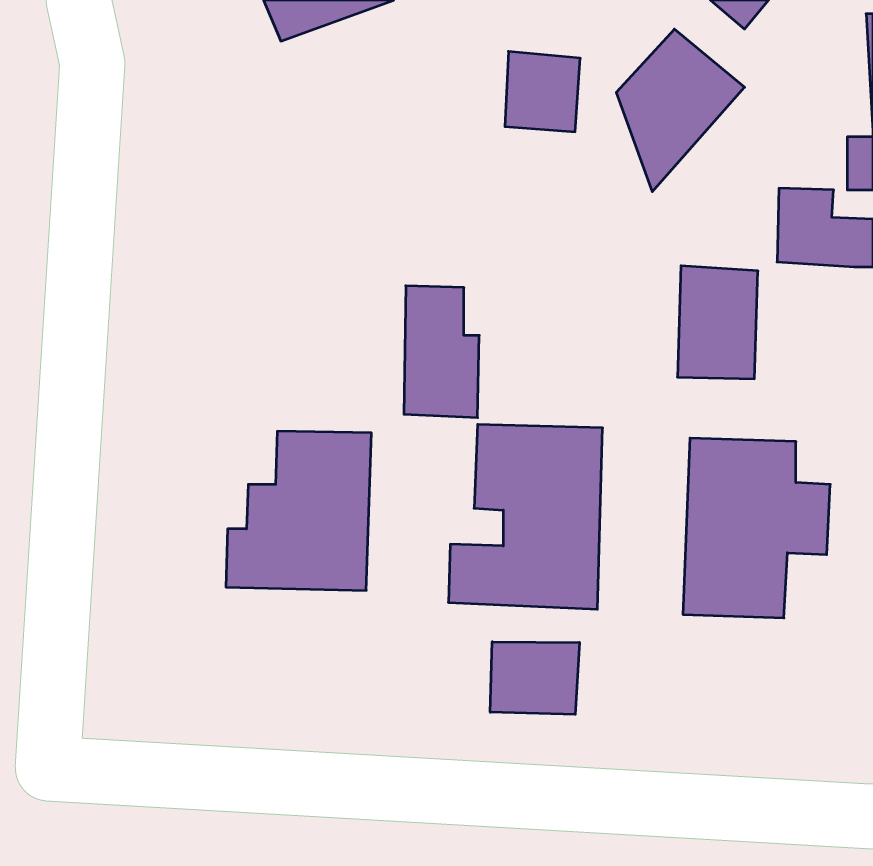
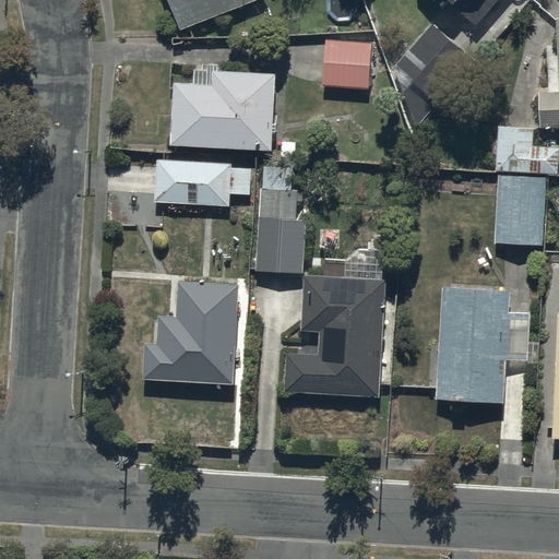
building: none -> [170,64,274,150]
building: none -> [155,160,251,207]
building: [677,266,758,379] -> [493,173,545,245]
building: [490,642,579,714] -> none

